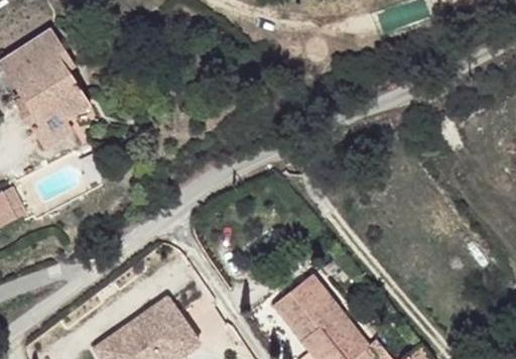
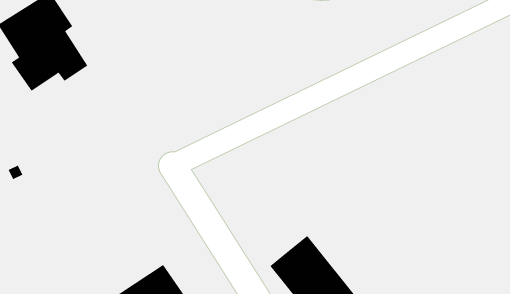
building: [31,108,73,146] -> none

